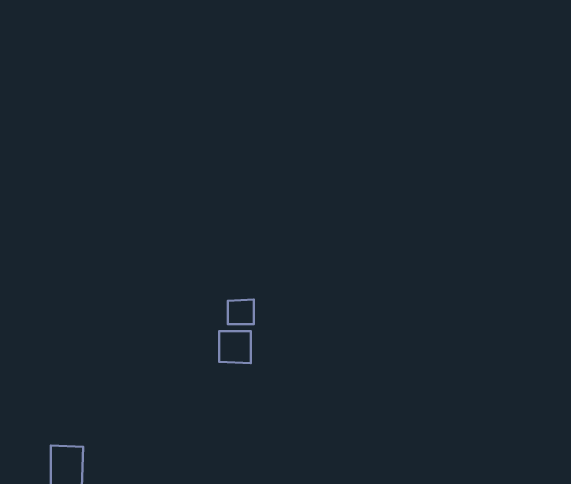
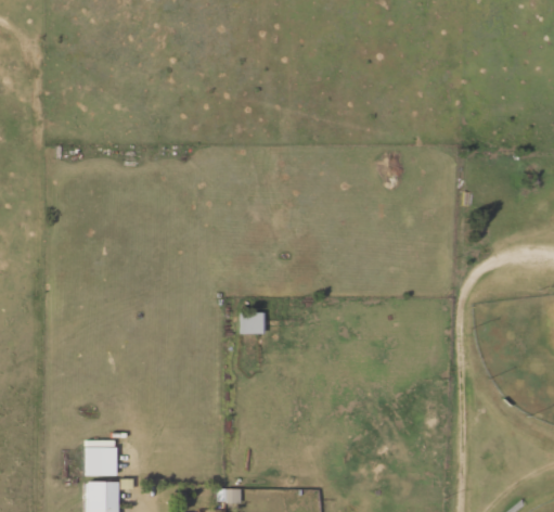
building: [219,331,251,363] -> none

